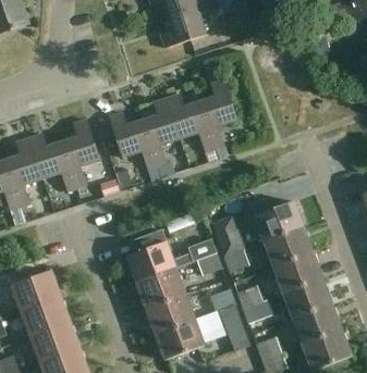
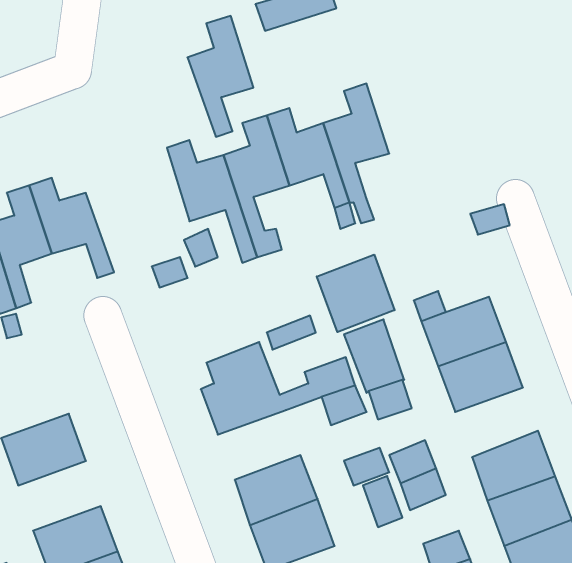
building: [60,117,98,187] -> [187,16,253,137]
building: none -> [317,255,395,332]
building: [273,253,321,294] -> none
building: [136,266,184,307] -> none
building: [21,296,69,336] -> none

